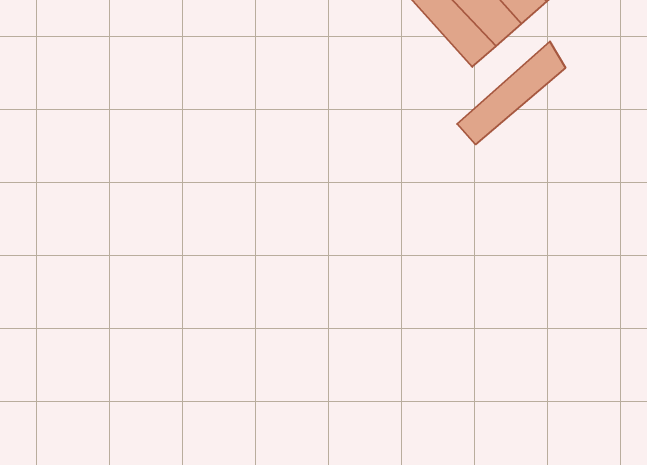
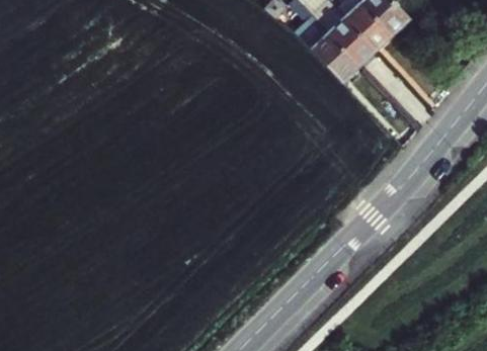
building: [457,41,565,144] -> none

